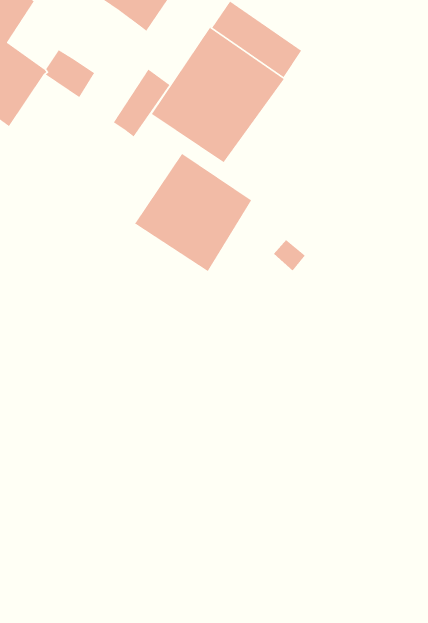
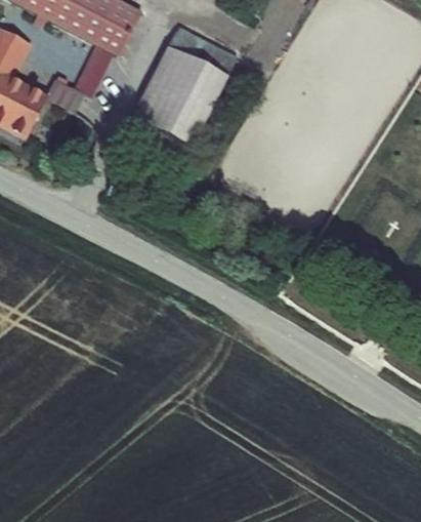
building: [113,68,171,137] -> [74,43,114,96]
building: [134,153,252,273] -> none

